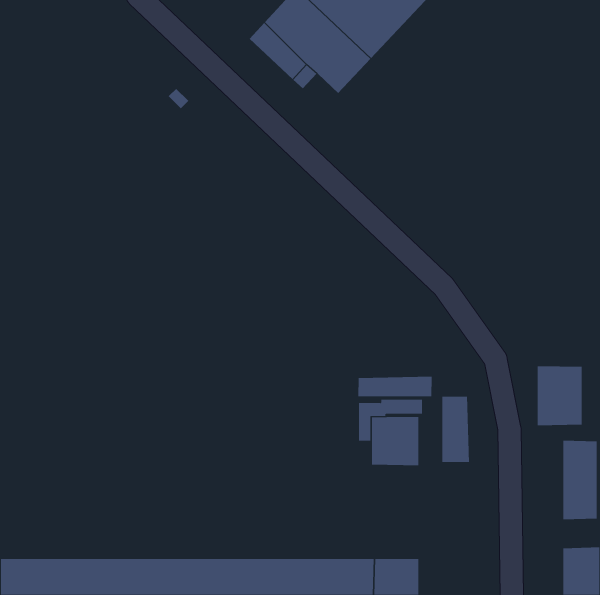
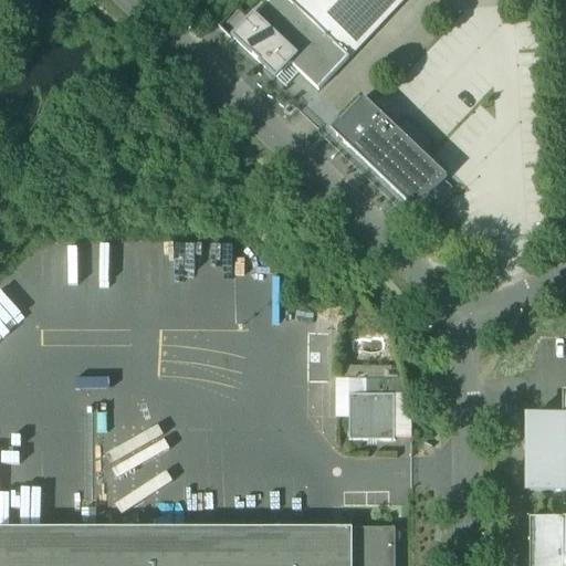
building: none -> [337,96,447,208]
building: [537,365,582,426] -> none
building: [358,376,432,397] -> none
building: [442,396,470,463] -> none

